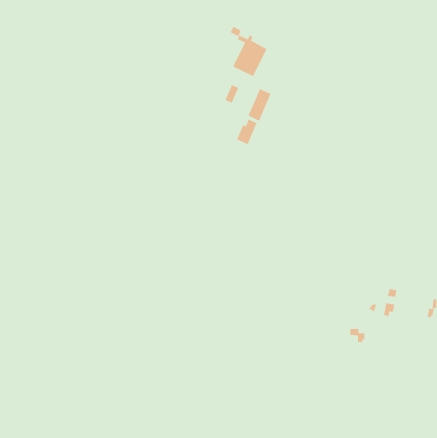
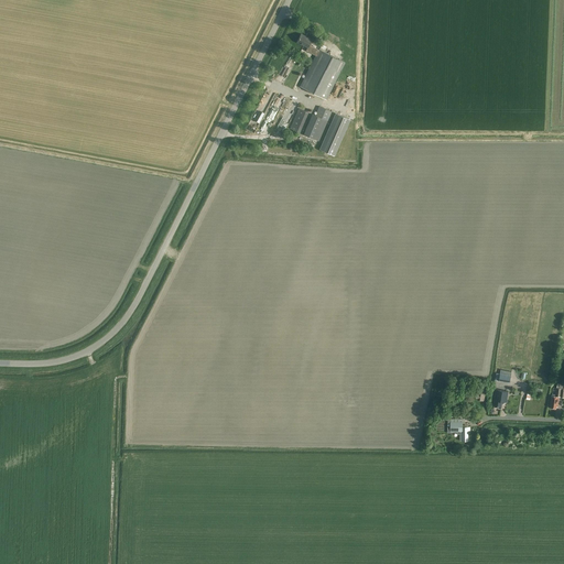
building: [236,119,258,145] -> [303,107,330,141]

